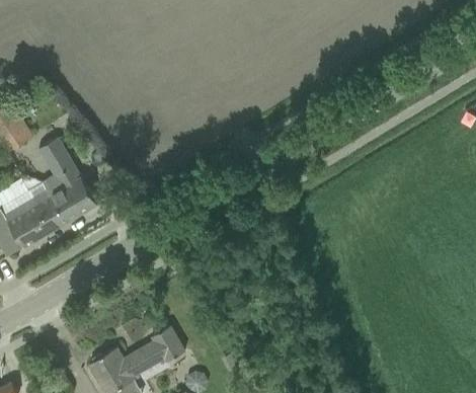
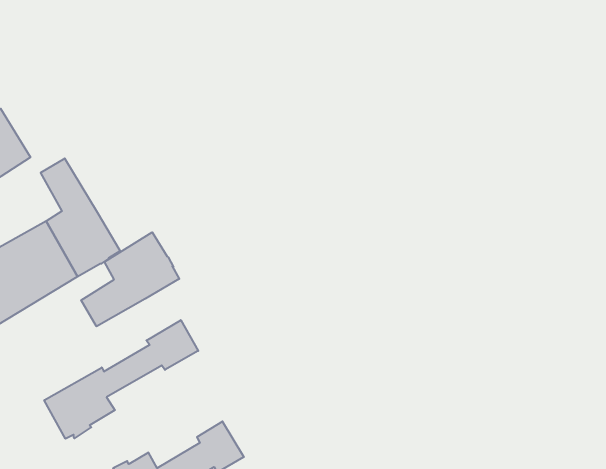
building: none -> [81,232,179,326]
building: none -> [44,320,198,439]

